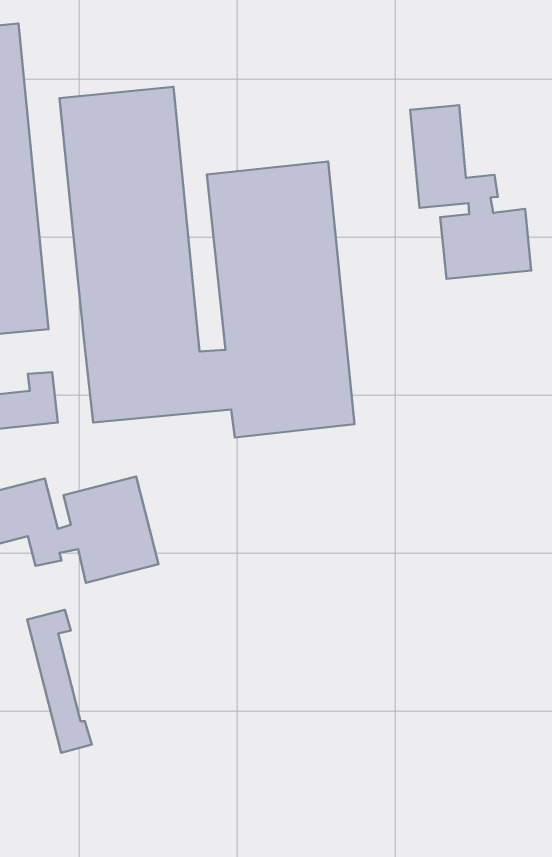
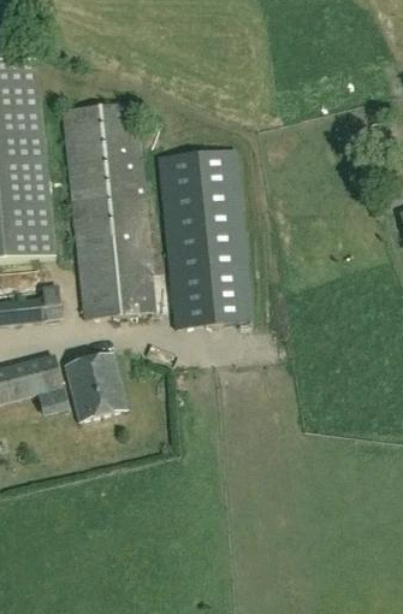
building: [410,105,531,279] -> none
building: [27,610,92,753] -> none

